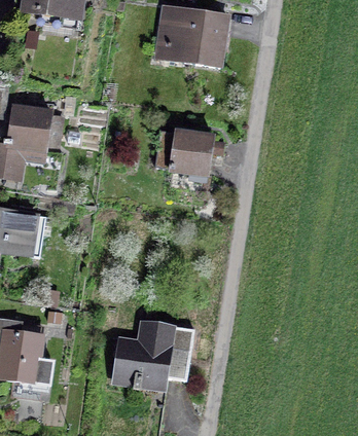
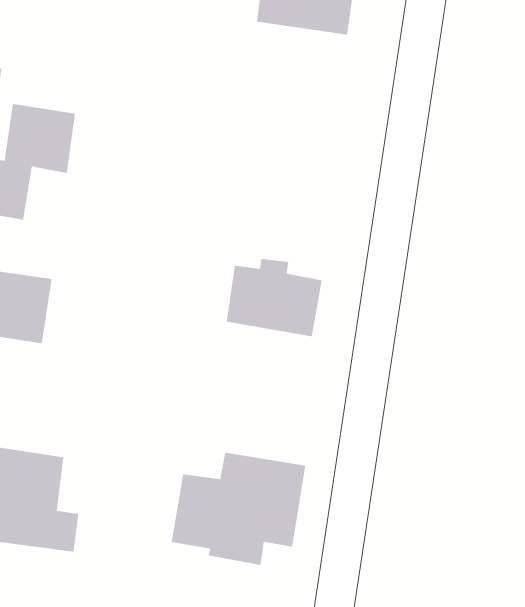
building: [154,126,214,175] -> [226,258,323,337]

